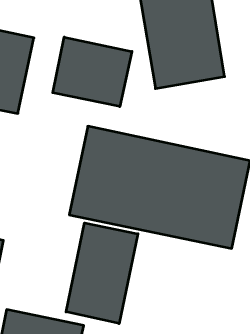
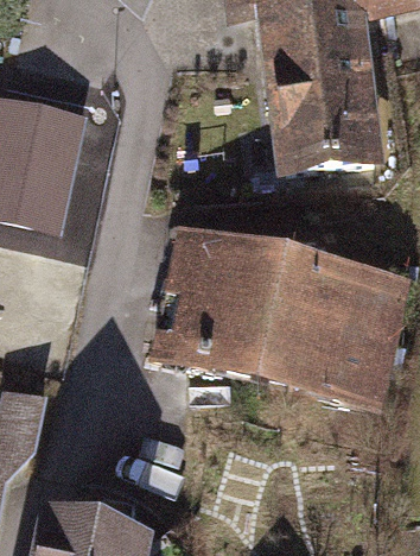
building: [53,37,132,107] -> none
building: [66,223,138,324] -> none

